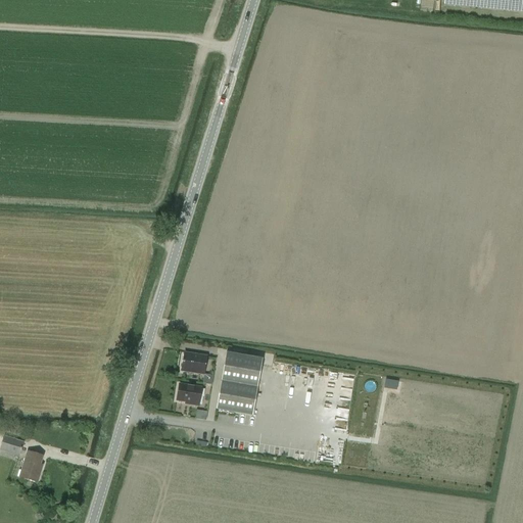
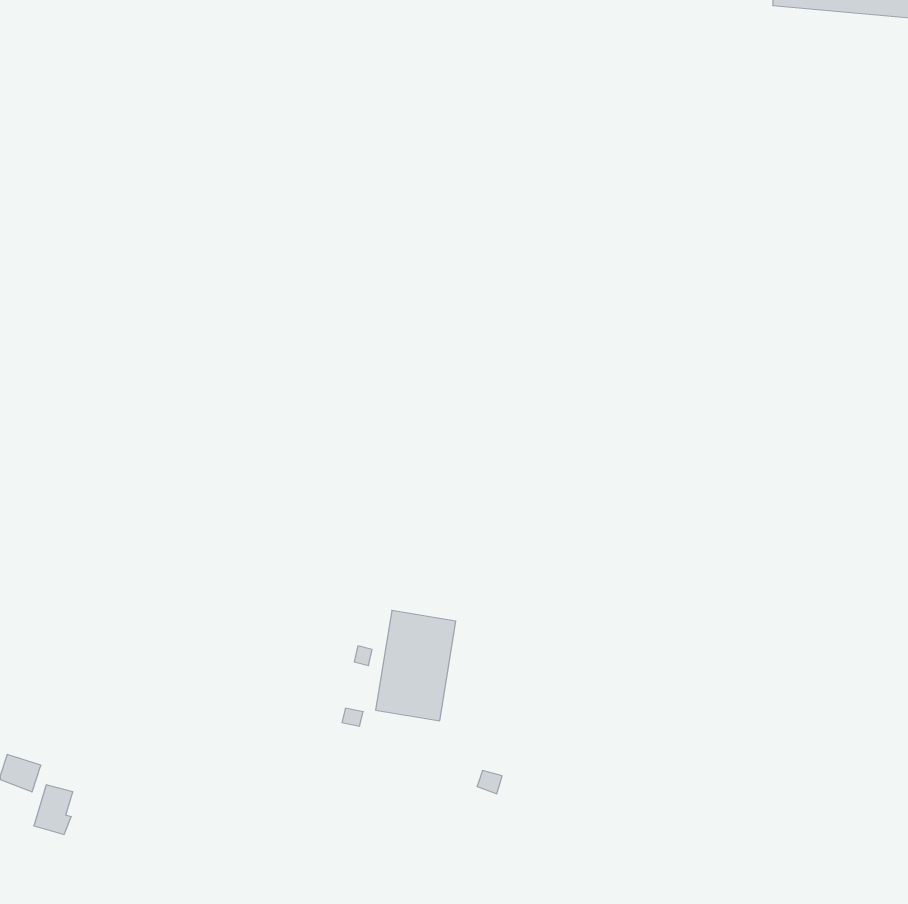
building: [182,350,207,372] -> none
building: [177,382,202,405] -> none

